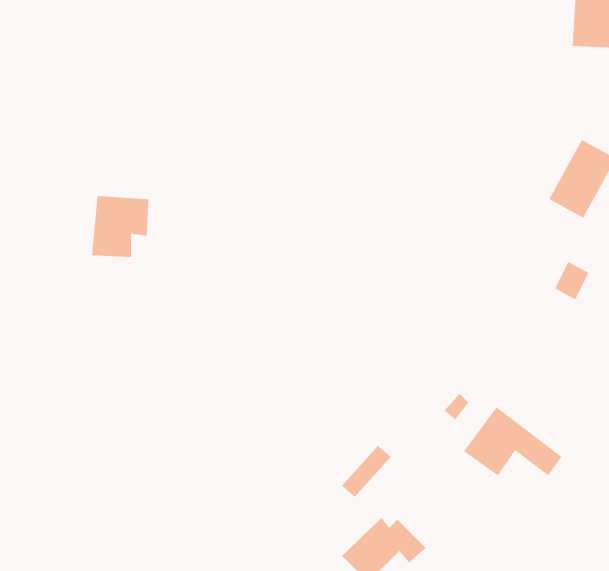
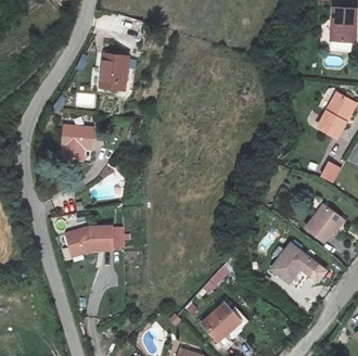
building: none -> [99,52,127,89]
building: none -> [306,204,345,241]
building: none -> [68,226,124,253]

